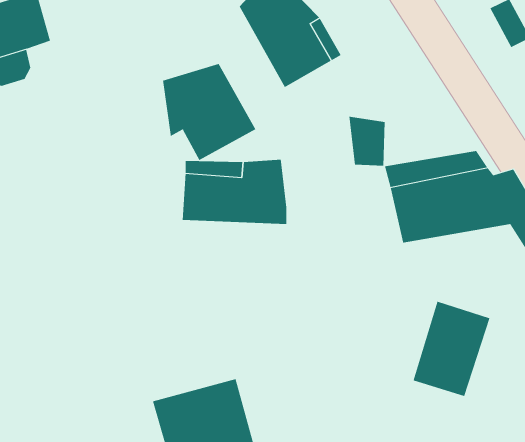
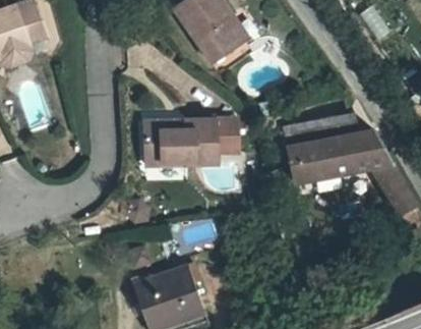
building: [163,63,256,161] -> none
building: [349,116,386,166] -> [211,119,237,155]
building: [413,301,490,397] -> none

